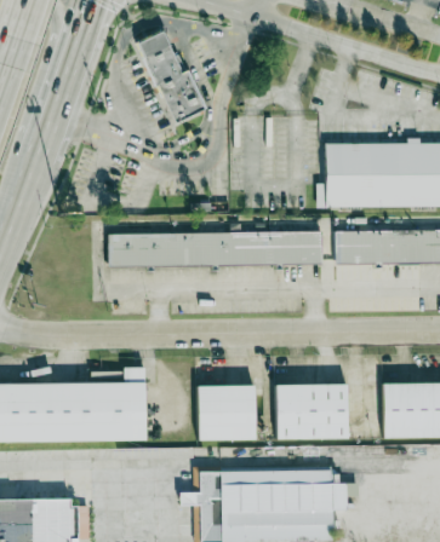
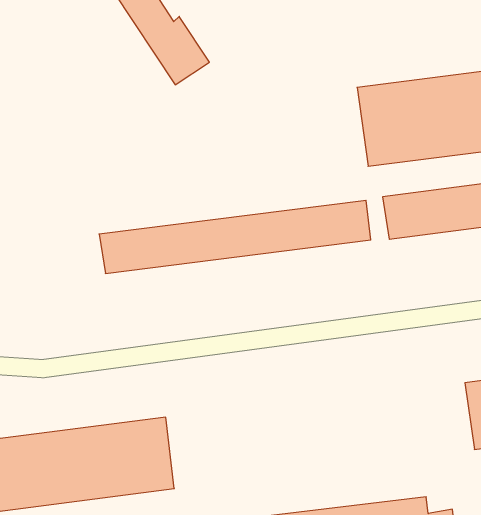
building: [276,384,348,439] -> none
building: [199,386,256,440] -> none

